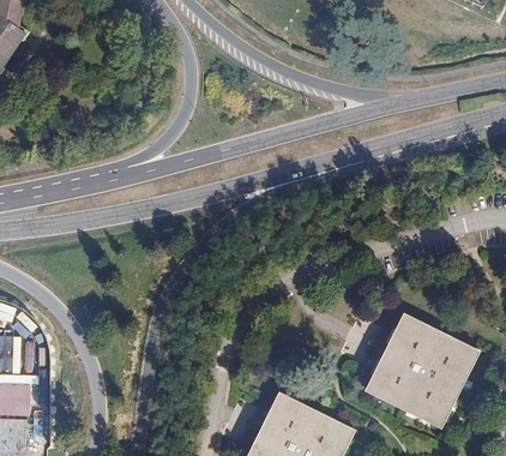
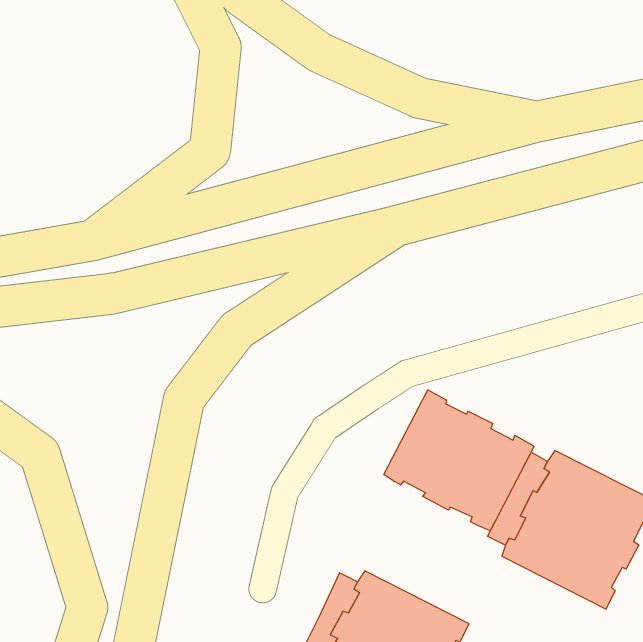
building: none -> [384,390,534,531]

